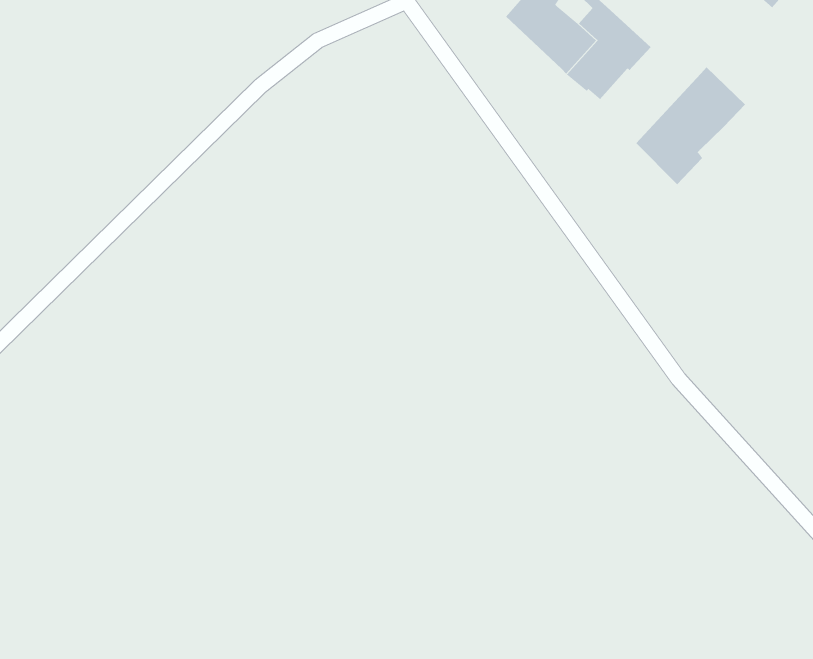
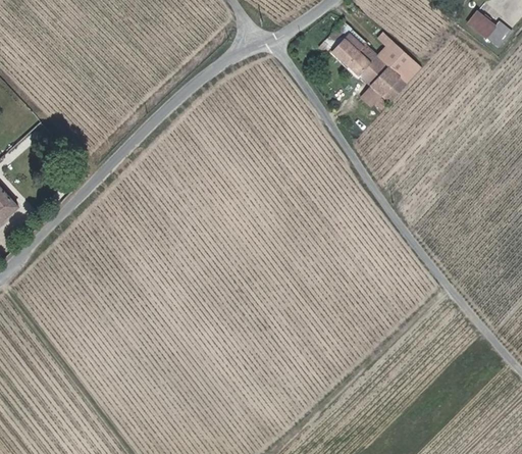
building: [636,66,746,185] -> none

